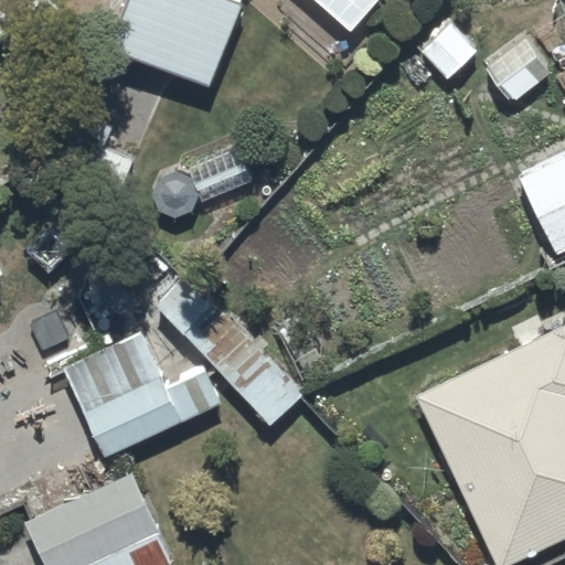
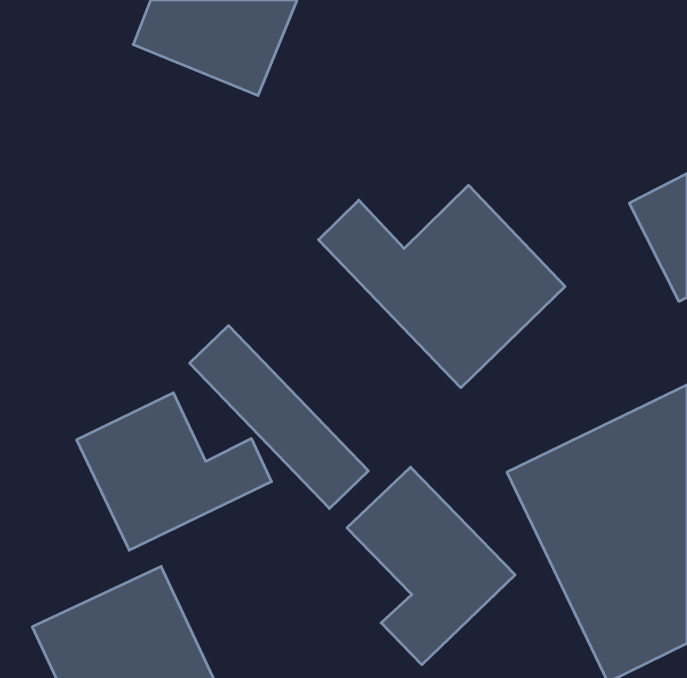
building: none -> [318,185,565,388]
building: none -> [347,467,515,665]

